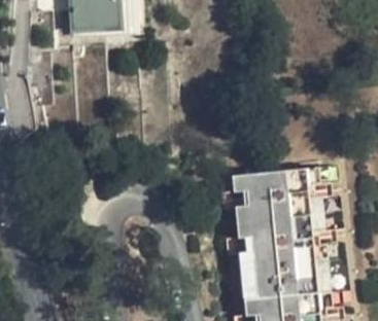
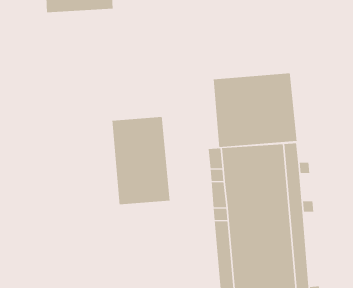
building: none -> [213,72,297,148]
building: none -> [112,116,170,205]

